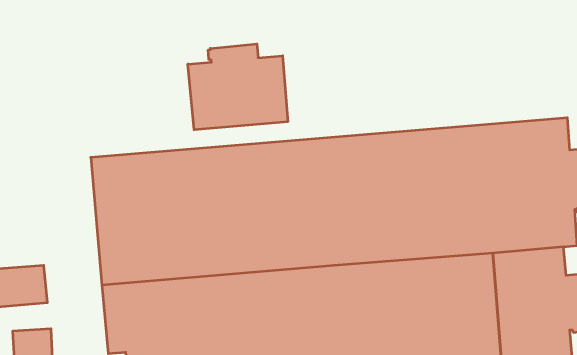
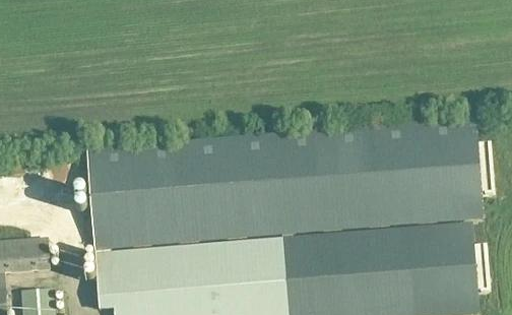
building: [188,44,288,130] -> none

